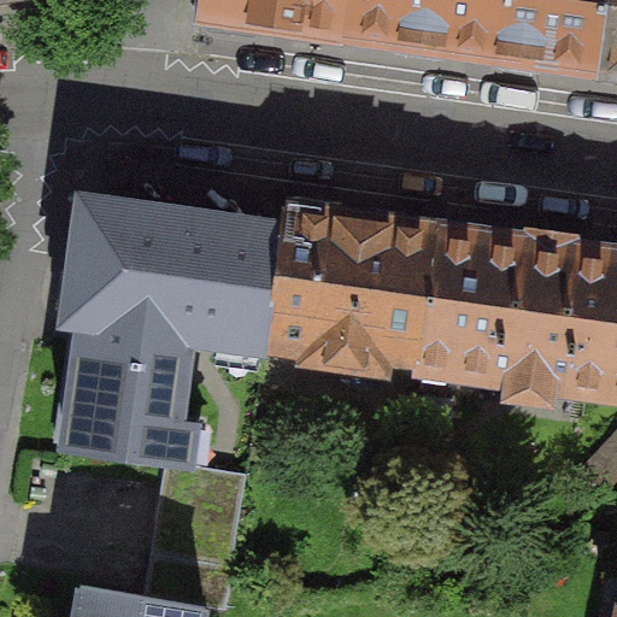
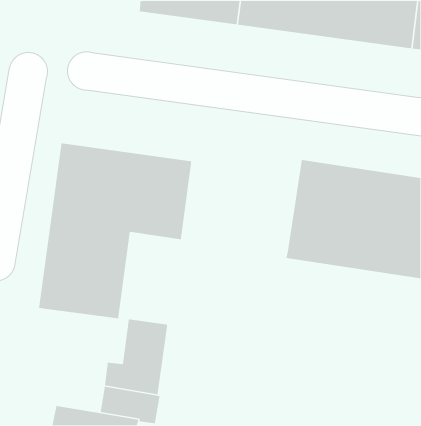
building: [263,210,436,370] -> none

